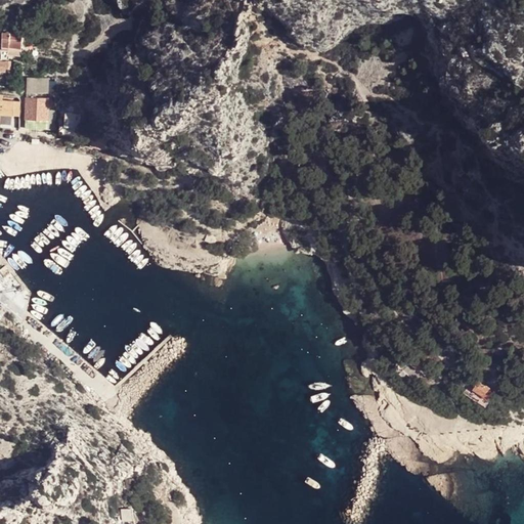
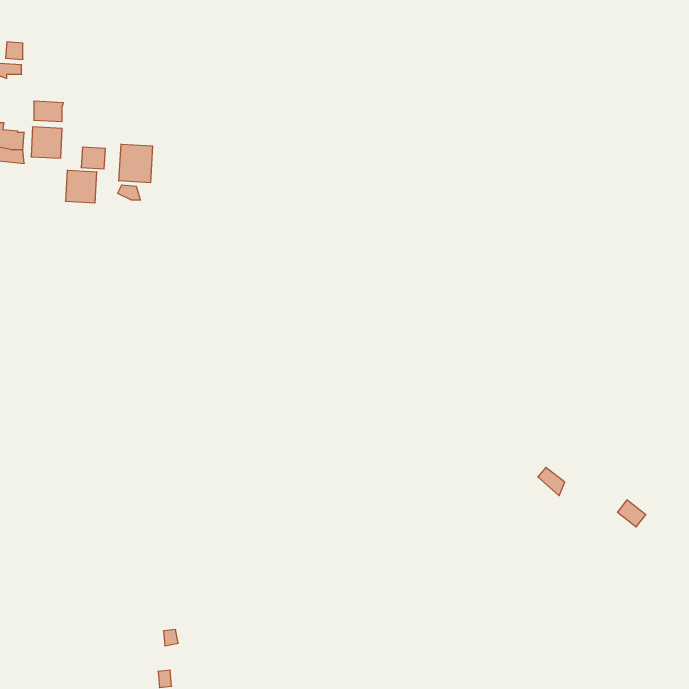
building: none -> [119,144,153,183]
building: none -> [66,170,97,203]

